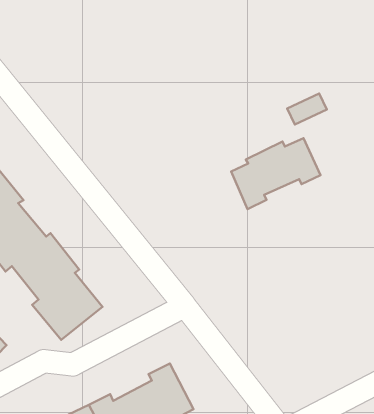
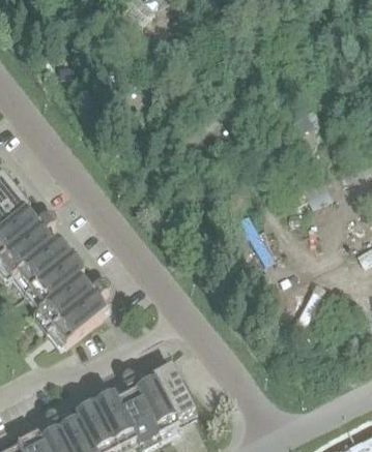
building: [231,138,321,209] -> none

